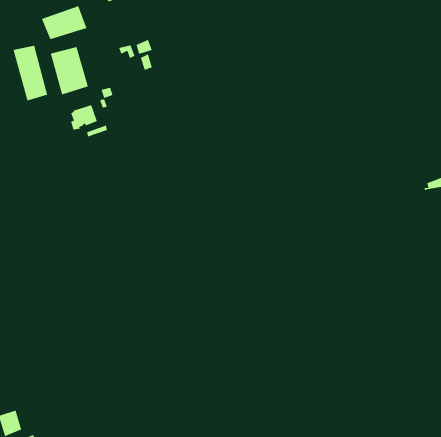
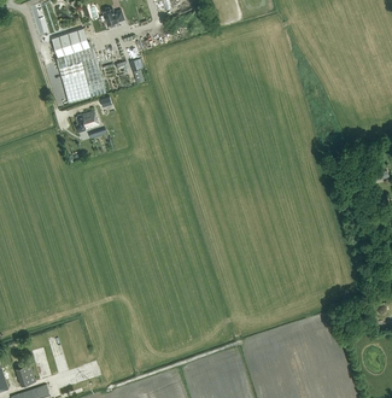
building: [13,45,48,101] -> none

